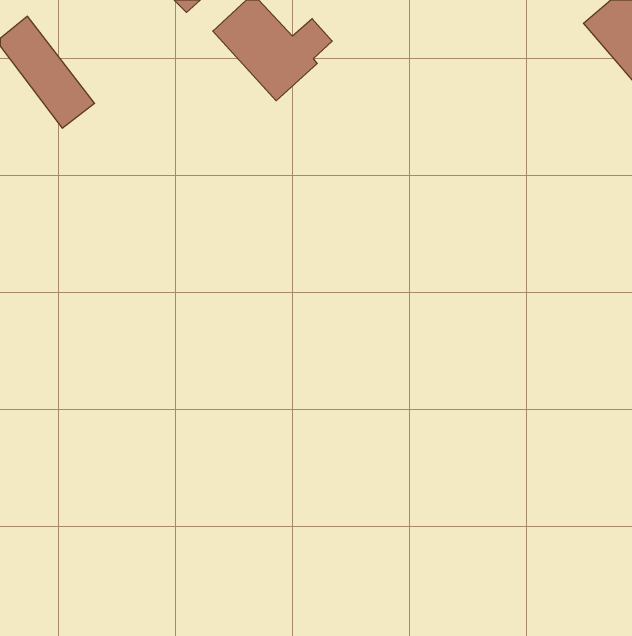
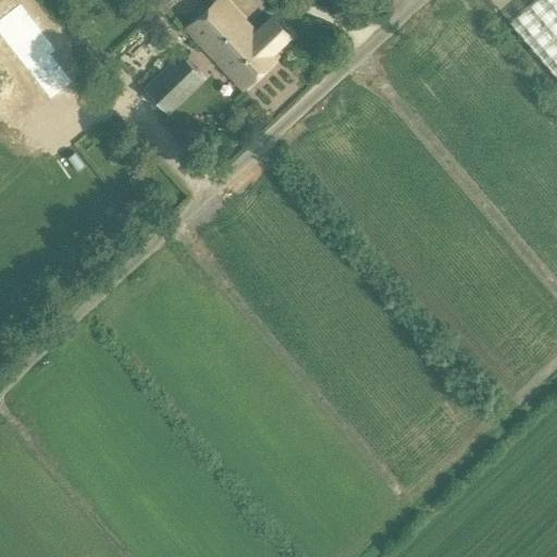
building: none -> [149,54,206,111]

